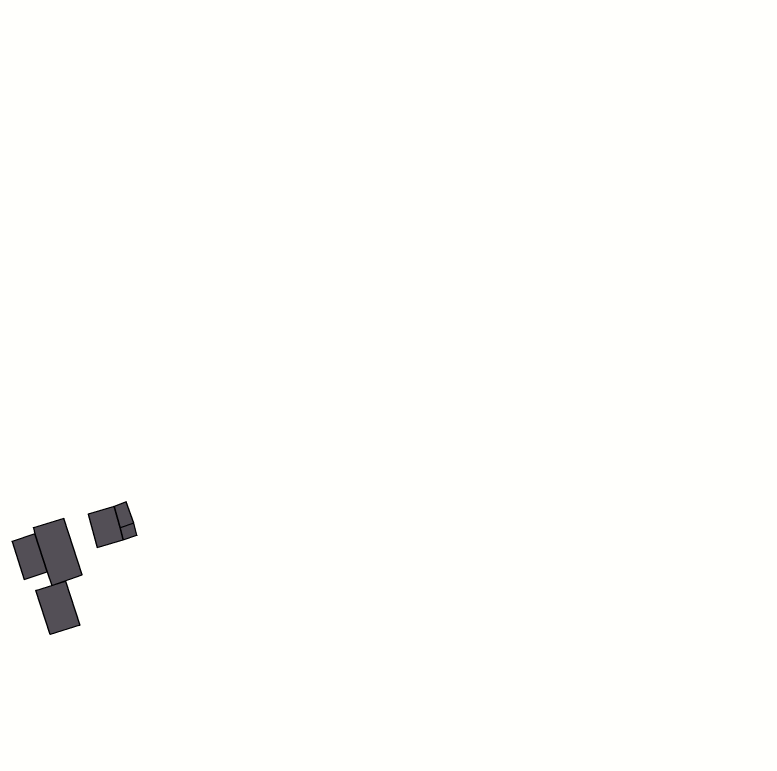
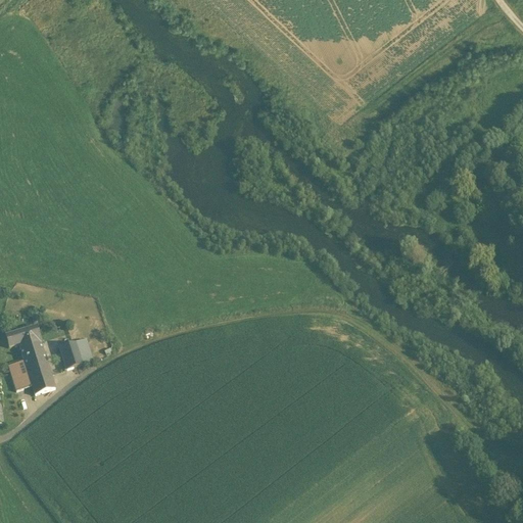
building: none -> [5,324,43,354]
building: [36,581,80,634] -> none

